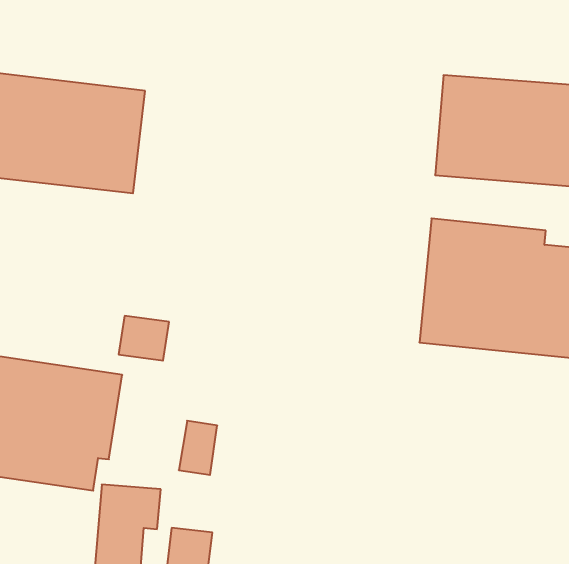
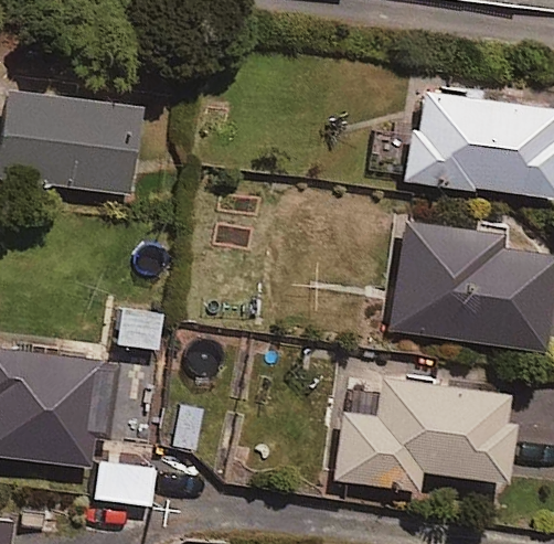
building: none -> [334,371,515,492]

